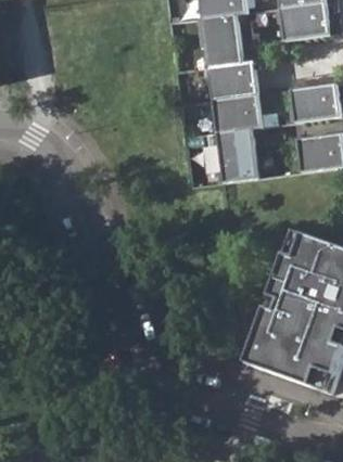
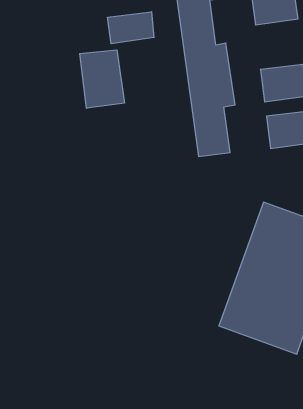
building: none -> [108,12,154,44]
building: none -> [80,50,124,108]

